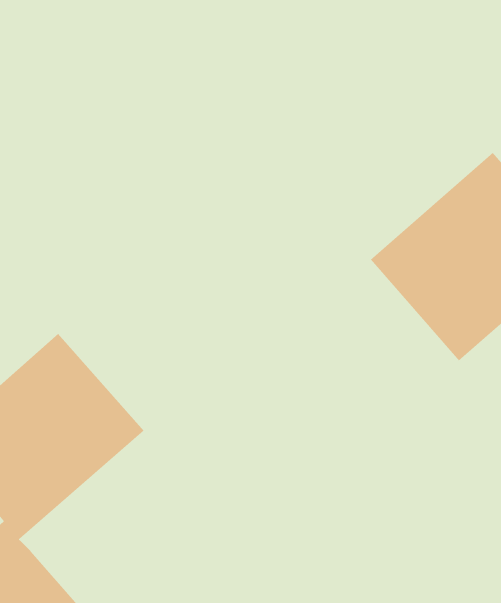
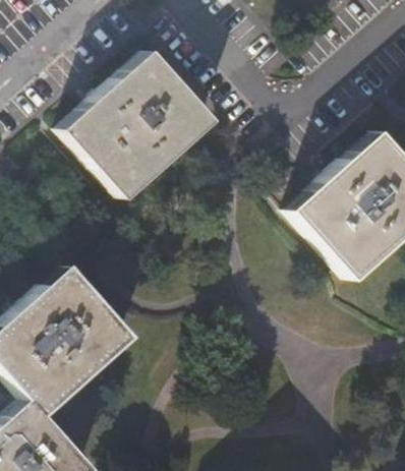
building: none -> [70,53,220,201]

